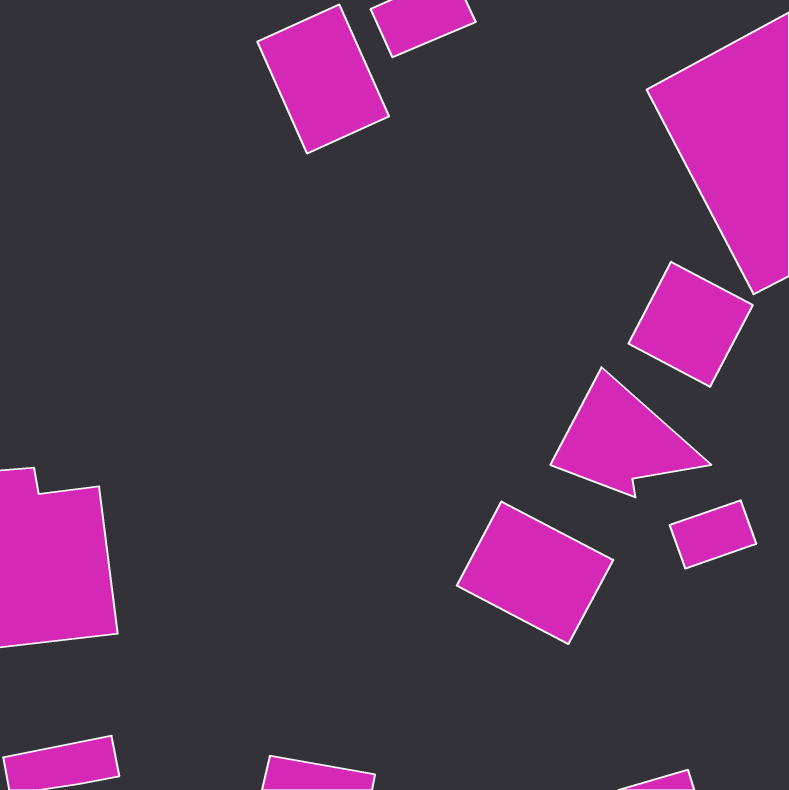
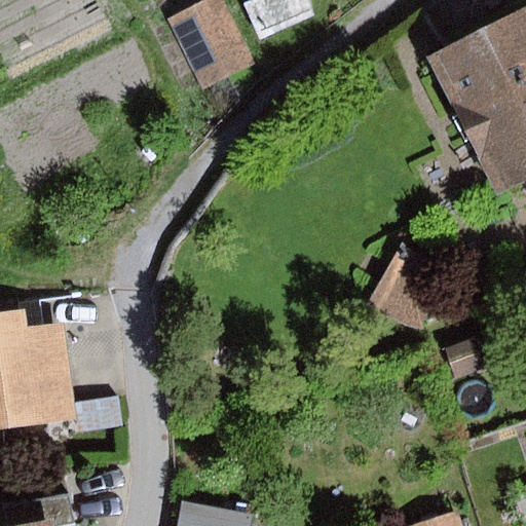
building: [628,262,753,387] -> none
building: [457,501,613,644] -> none

